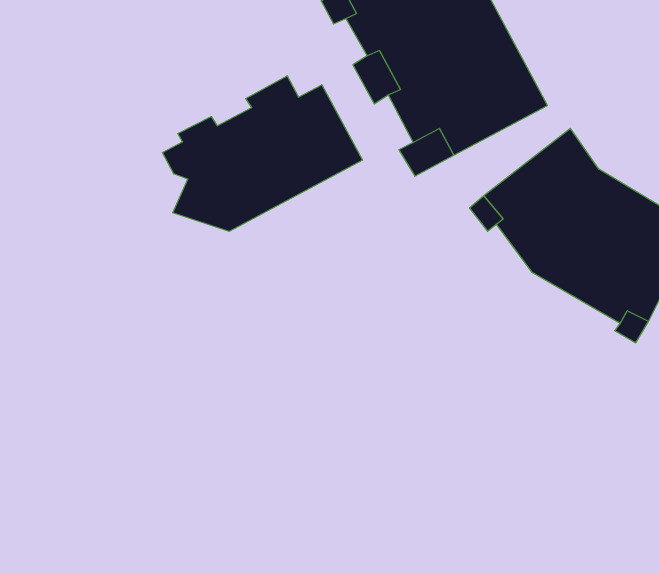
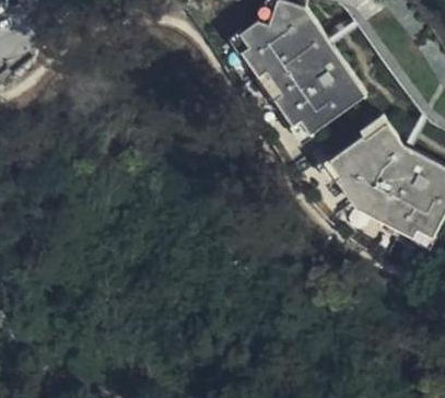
building: [162,76,362,231] -> none

